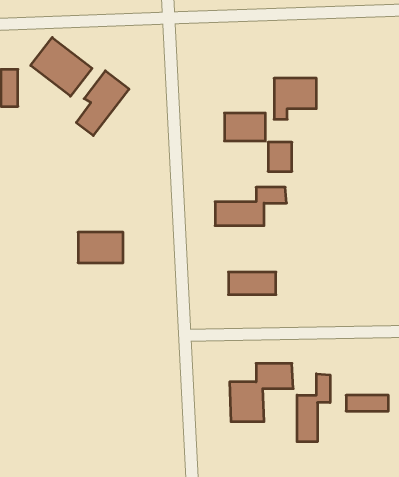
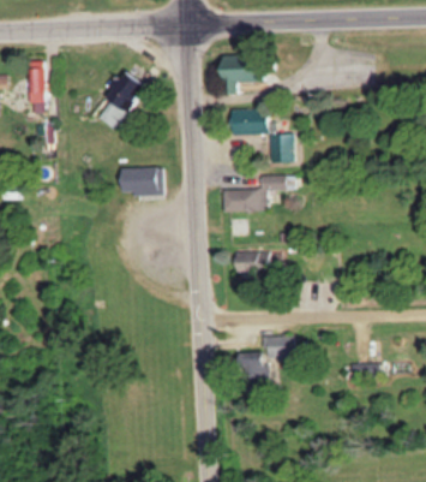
building: [31,37,92,96] -> none
building: [274,78,316,119] -> [224,56,263,94]
building: [78,232,123,263] -> [121,167,162,195]
building: [297,374,330,442] -> none

